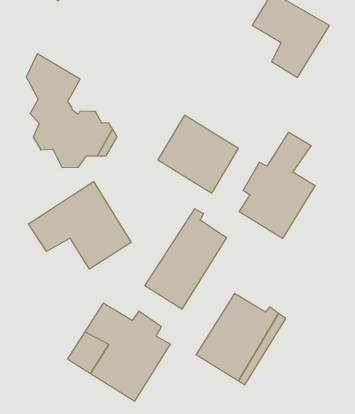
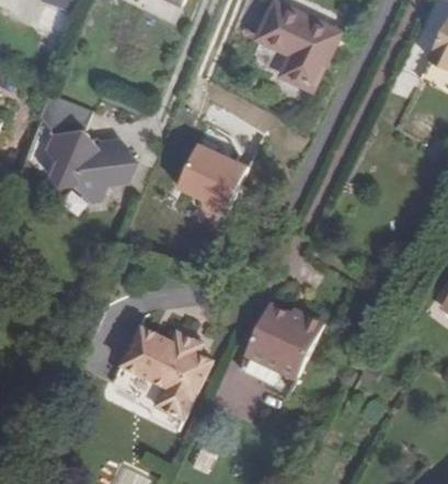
building: [239,132,315,238] -> none
building: [28,181,131,269] -> none
building: [145,209,227,309] -> none

